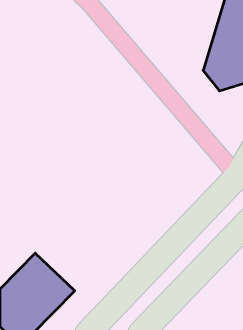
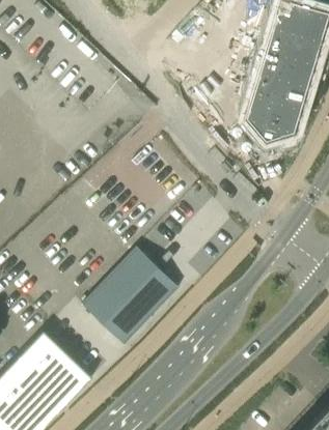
building: none -> [82,249,179,346]

